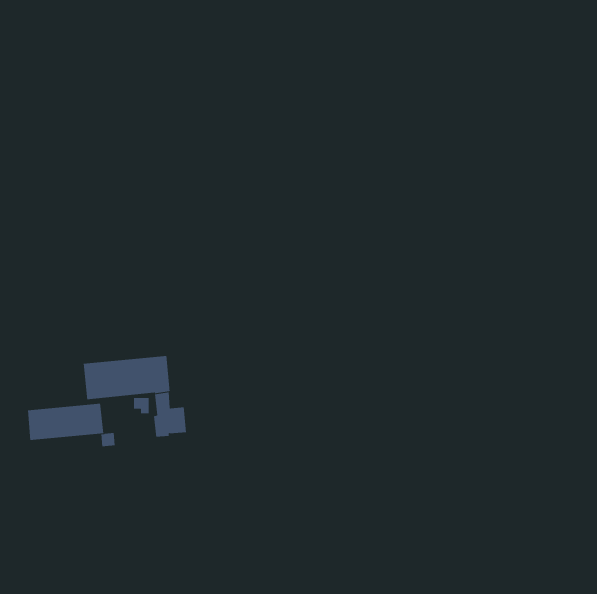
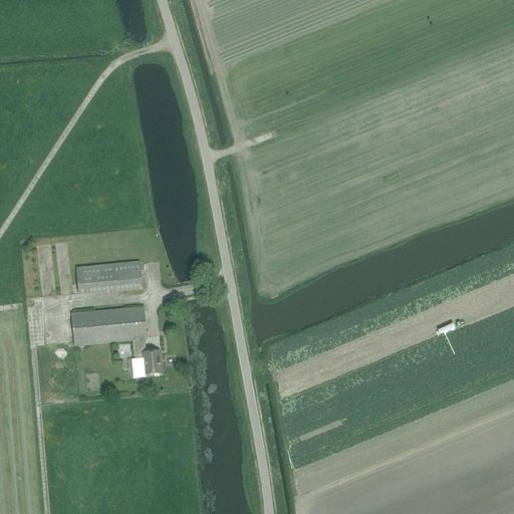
building: [27,403,104,440] -> [76,260,143,292]

